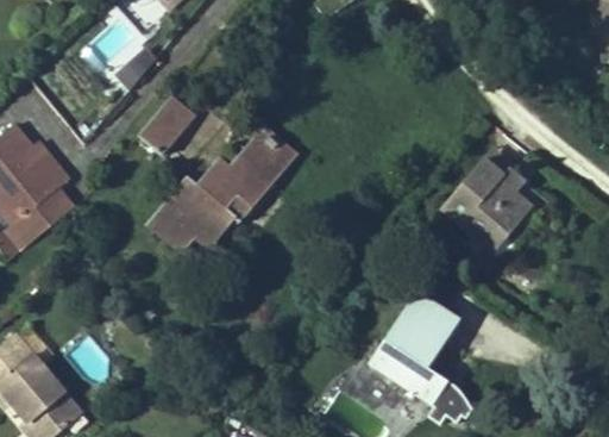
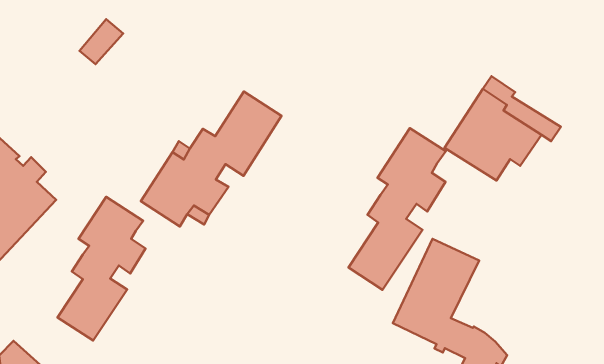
building: [138,98,200,160] -> none
building: none -> [348,128,446,290]
building: none -> [58,197,145,341]

